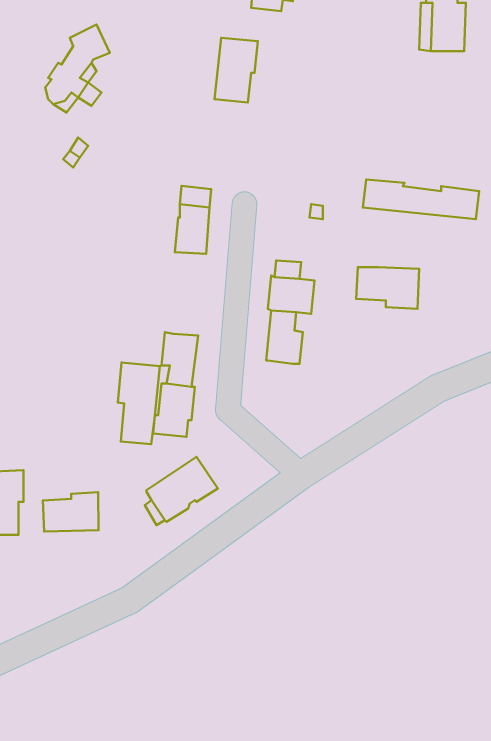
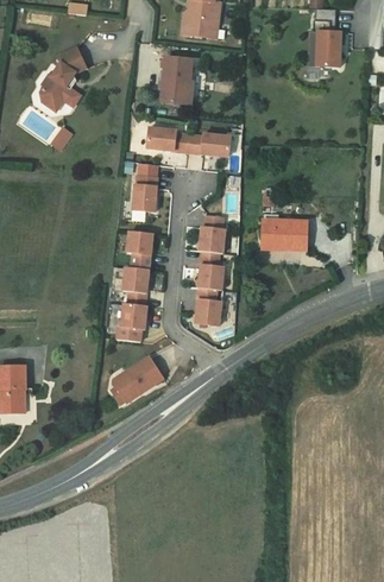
building: [363,179,479,219] -> [146,128,229,157]
building: none -> [126,232,152,270]
building: none -> [195,287,221,325]
building: [118,362,160,444] -> none
building: [43,492,99,531] -> none

